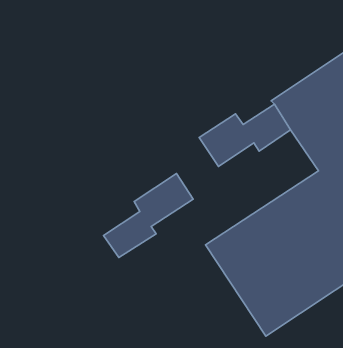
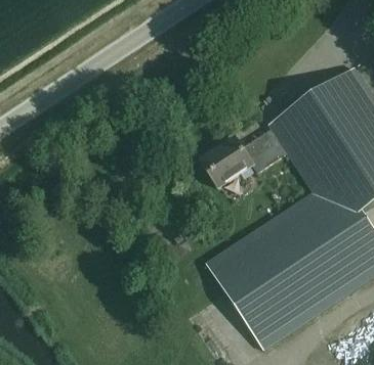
building: [103,173,193,258] -> none

